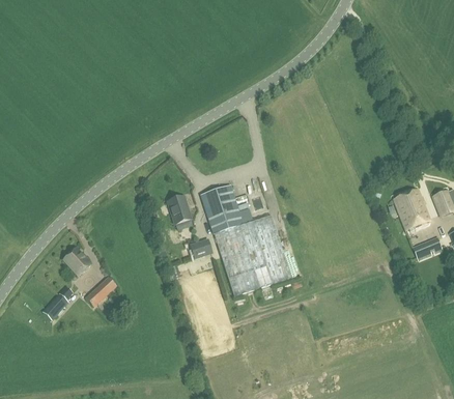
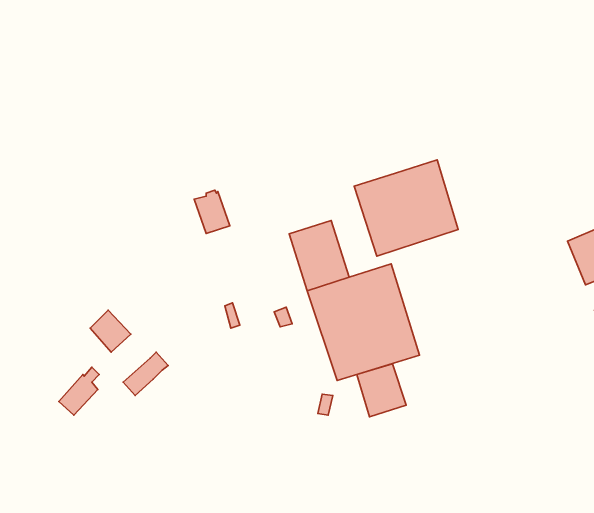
building: none -> [354,160,458,256]
building: [167,194,192,224] -> [194,190,230,233]
building: none -> [357,364,406,417]

